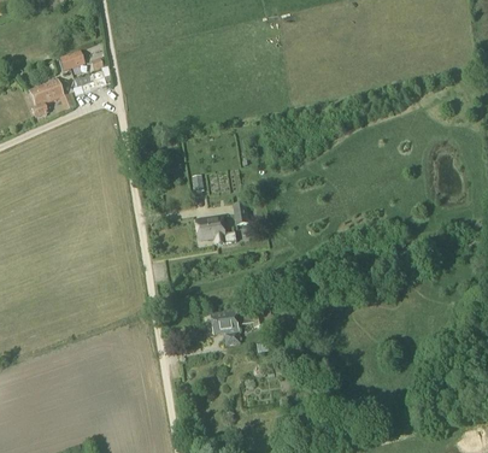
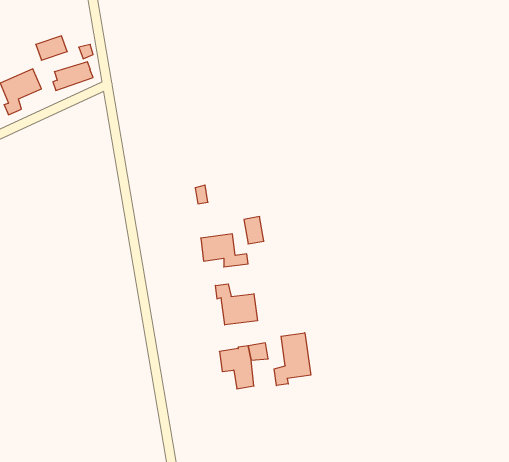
building: none -> [215,284,257,325]
building: none -> [274,333,311,386]

